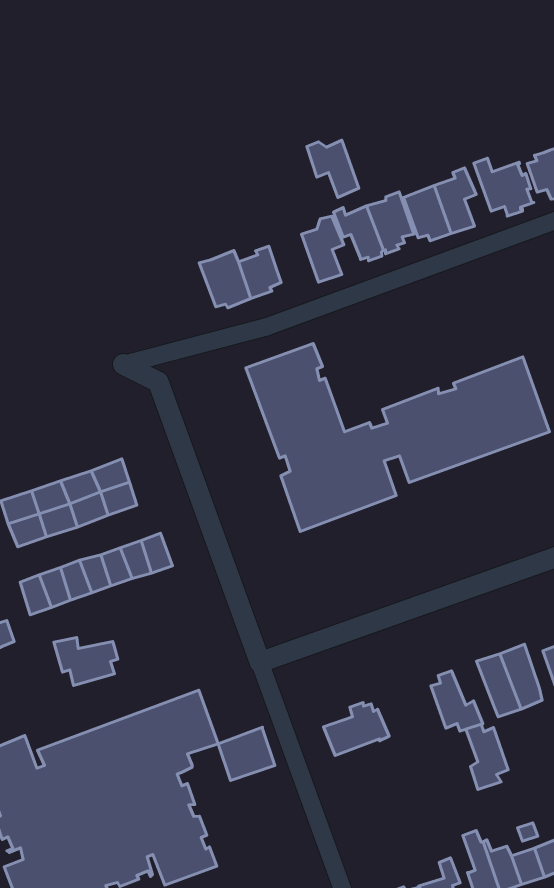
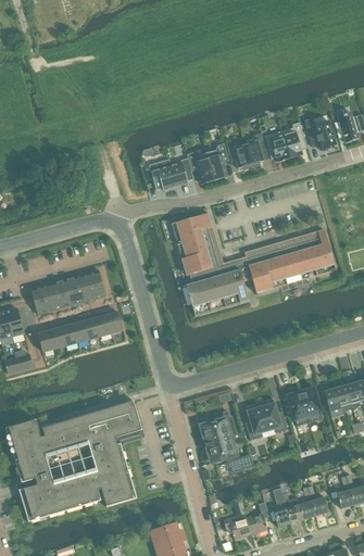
building: [307,140,359,197] -> [187,152,214,184]
building: [54,637,118,685] -> none
building: [466,724,508,789] -> [246,404,267,440]
building: [218,727,275,780] -> [205,433,236,462]

